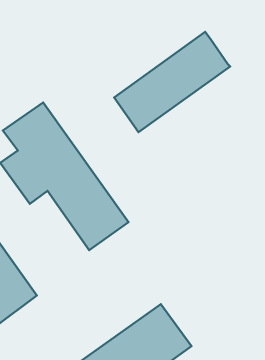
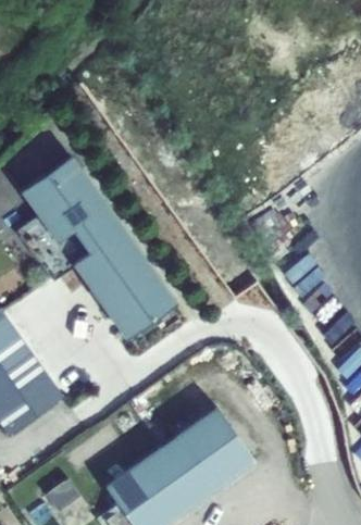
building: [114,32,230,132] -> none

